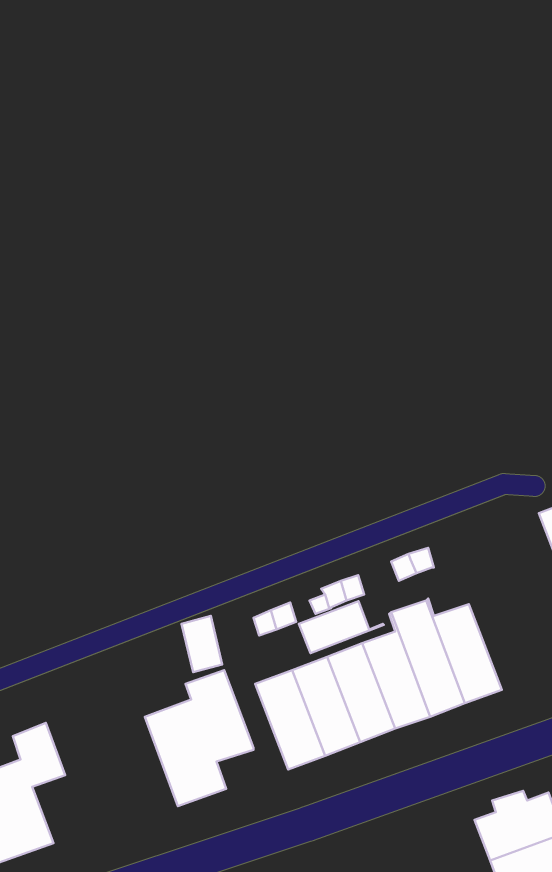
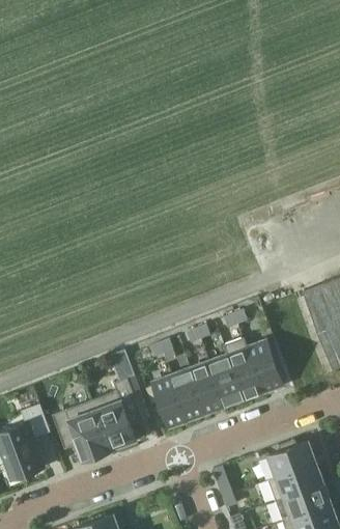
building: [299,601,384,653] -> none
building: none -> [52,400,111,461]

